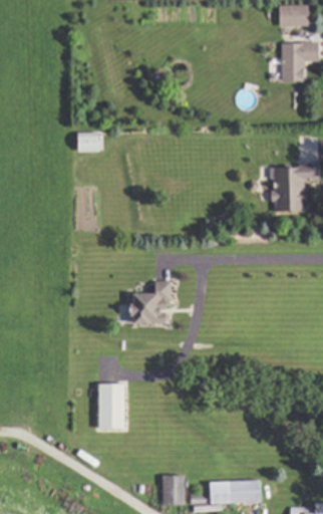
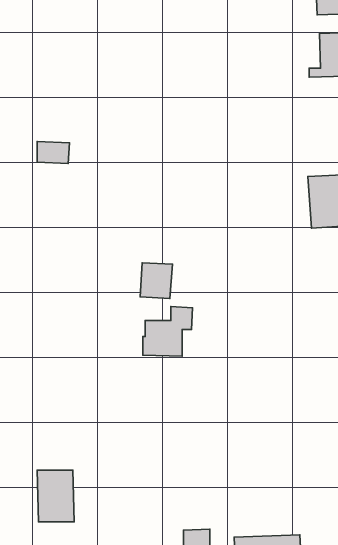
building: [74,133,102,152] -> [37,142,69,163]
building: none -> [140,263,173,298]
building: [96,383,128,429] -> [37,470,74,522]

